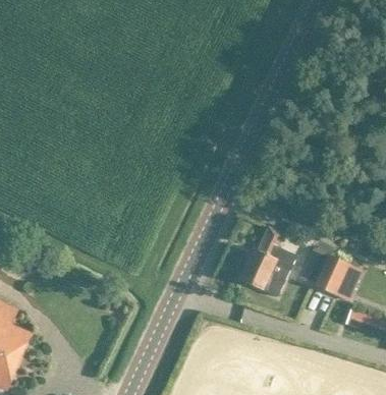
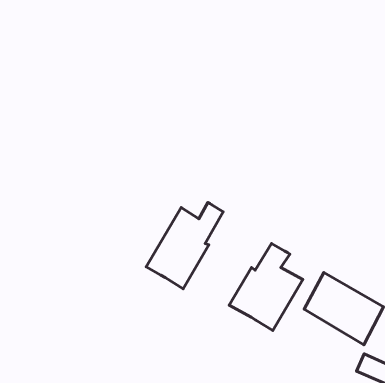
building: none -> [146,202,223,289]

